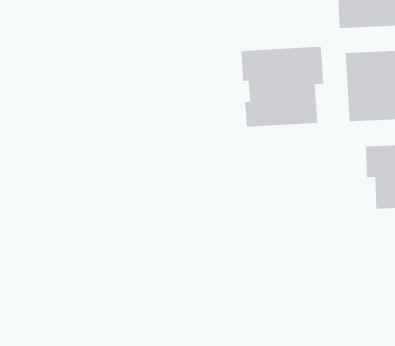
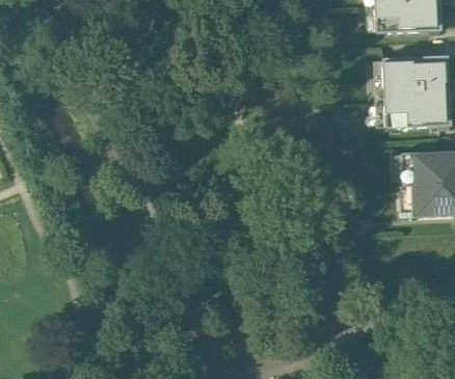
building: [241,46,324,128] -> none

